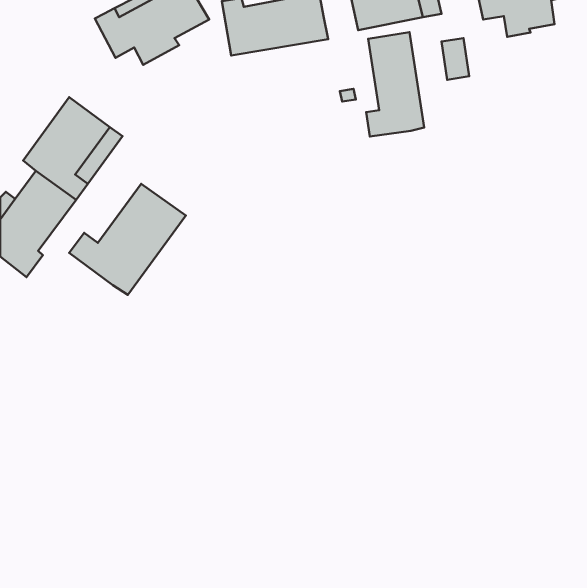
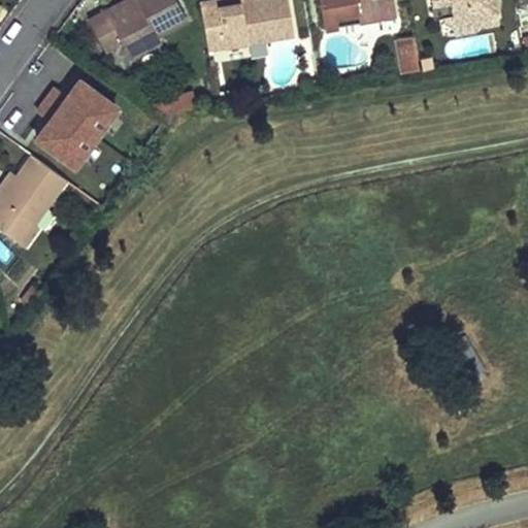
building: [366,32,424,136] -> none
building: [69,184,186,295] -> none

